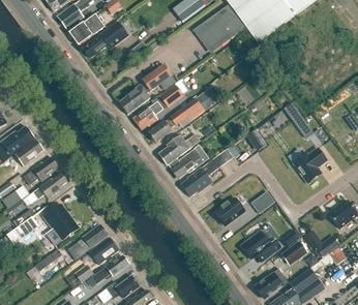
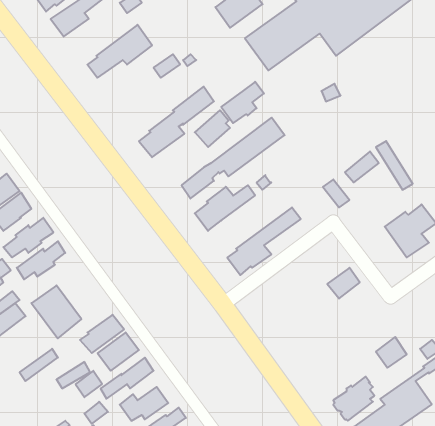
building: [68,12,105,45] -> none
building: [133,100,163,129] -> [221,82,264,123]
building: [169,145,209,177] -> none
building: [215,197,245,225] -> none
building: [241,231,281,258] -> none

